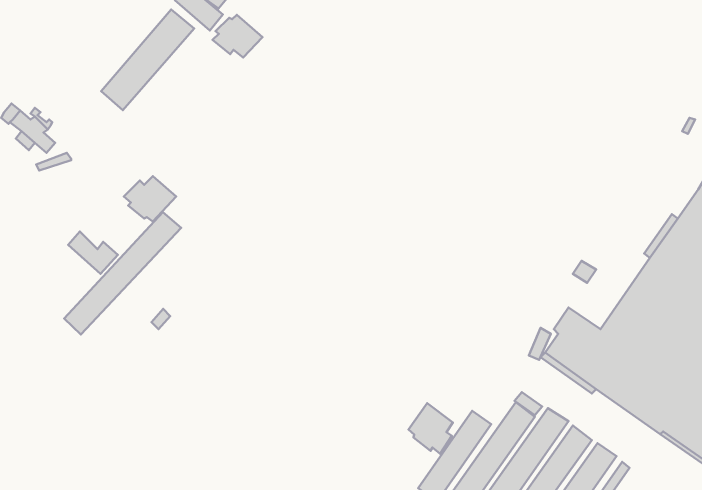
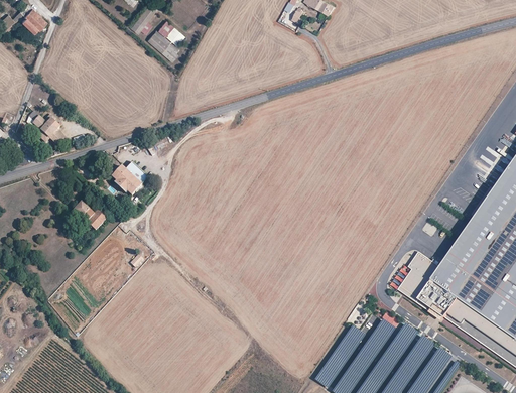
building: [101,9,194,110] -> none
building: [213,15,263,58] -> none
building: [64,212,181,334] -> none
building: [409,403,453,454] -> none

